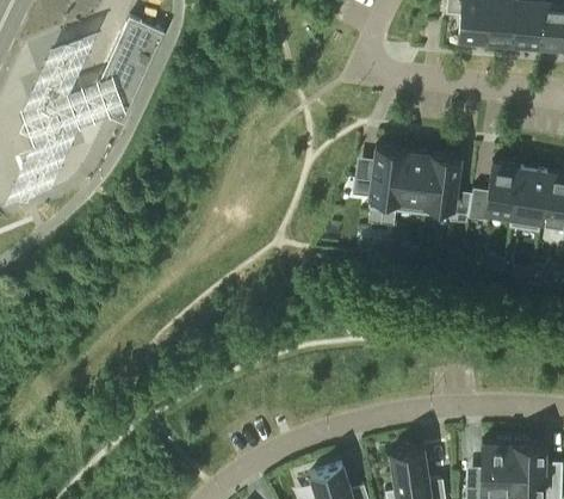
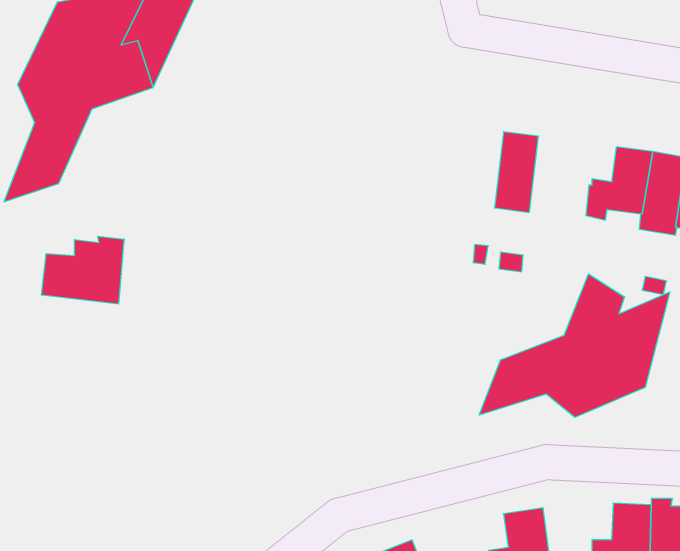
building: [349,147,401,210] -> none
building: [421,154,467,222] -> none
building: none -> [41,236,124,304]
building: none -> [479,274,670,417]

